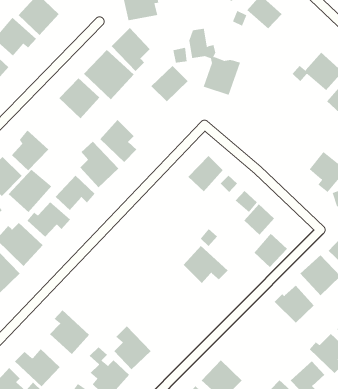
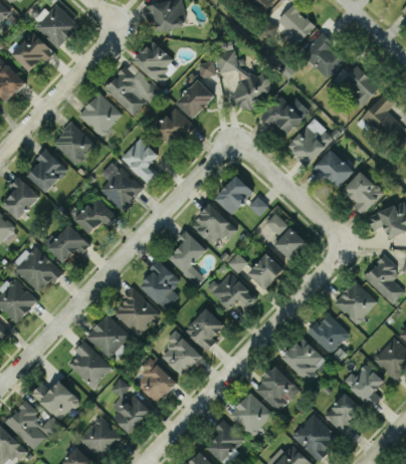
building: none -> [301,32,345,78]
building: none -> [260,94,309,133]
building: none -> [154,106,195,145]
building: none -> [287,120,334,165]
building: none -> [52,122,95,164]
building: none -> [312,149,354,187]
building: [8,169,52,213] -> none
building: none -> [191,204,234,247]
building: none -> [168,230,207,285]
building: [254,233,288,268] -> [248,252,284,289]
building: none -> [141,258,180,309]
building: none -> [112,287,160,335]
building: none -> [185,307,225,351]
building: none -> [86,313,130,361]
building: none -> [162,329,203,377]
building: none -> [282,336,328,383]
building: none -> [254,366,299,412]

